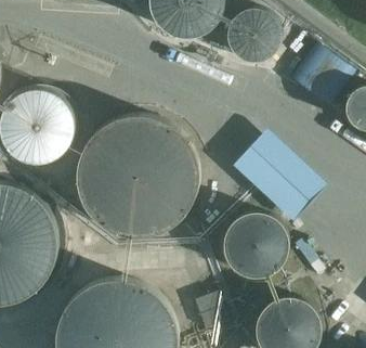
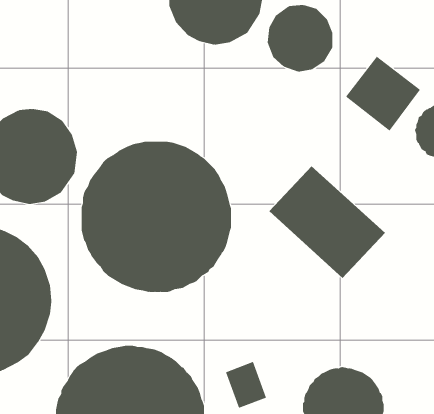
building: [223,212,289,279] -> none

